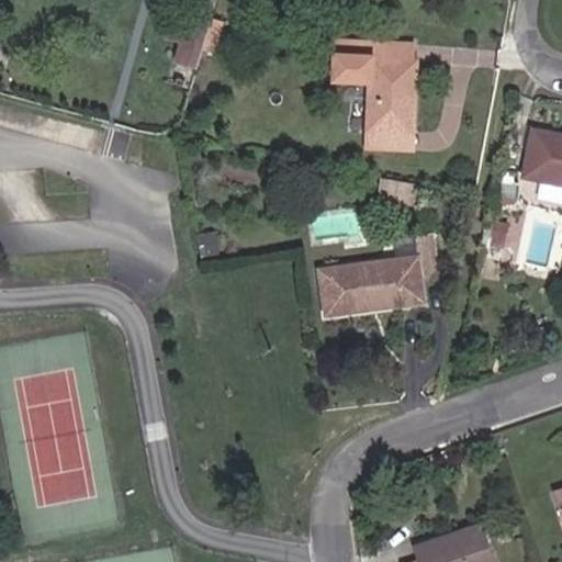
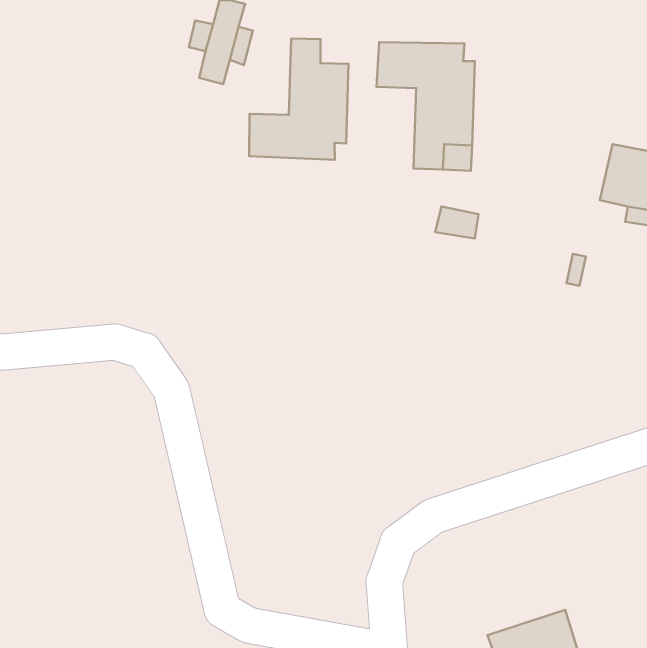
building: none -> [249,39,349,160]
building: [319,232,442,317] -> none

